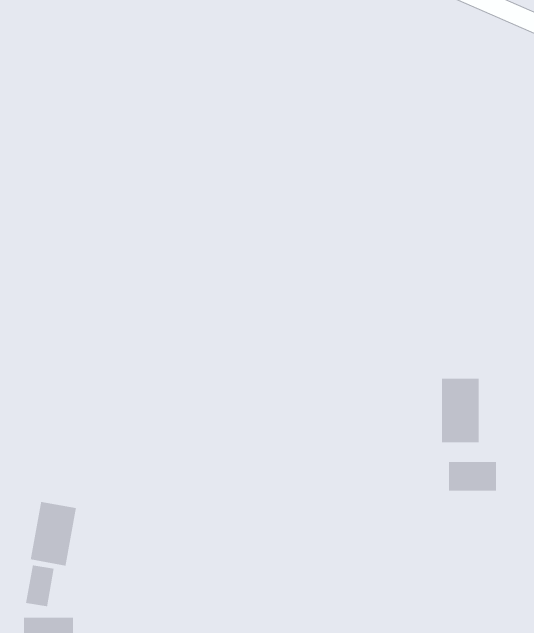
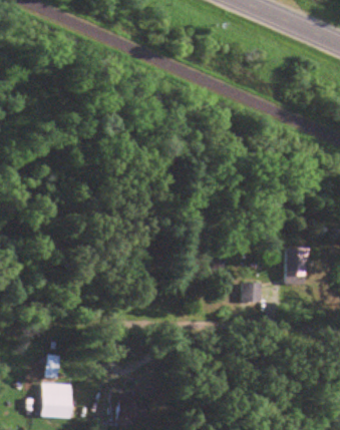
building: [448,462,497,491] -> [240,283,268,300]
building: [30,501,76,566] -> none

